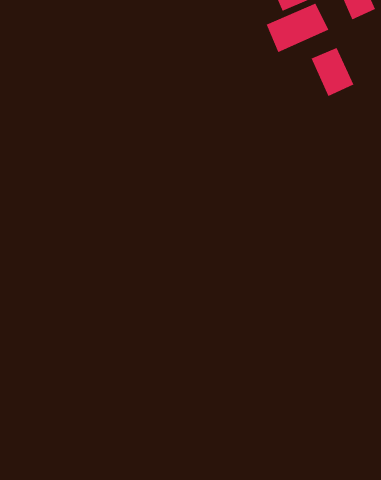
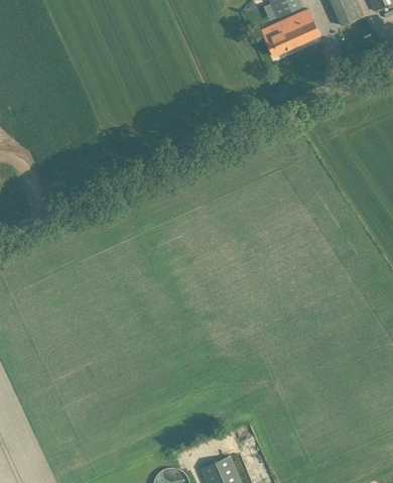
building: [311,47,354,97] -> none

